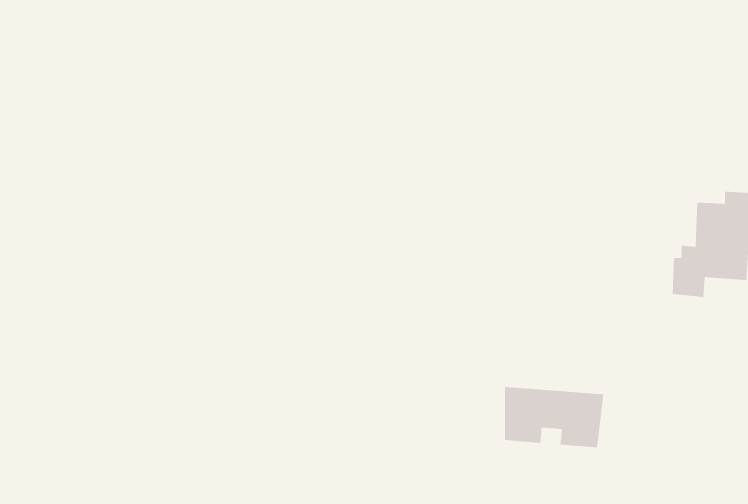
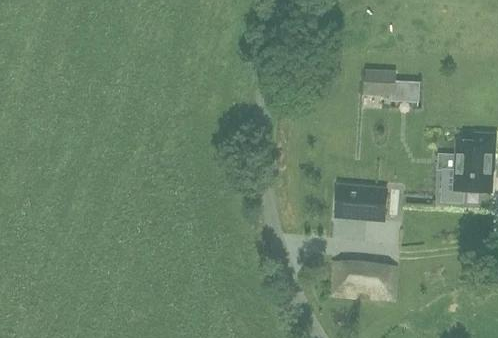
building: none -> [364,70,418,101]
building: none -> [335,184,386,220]

